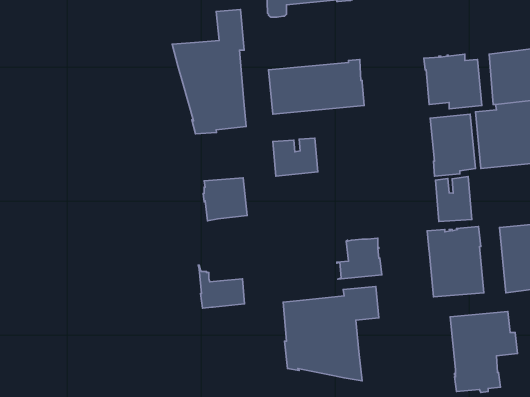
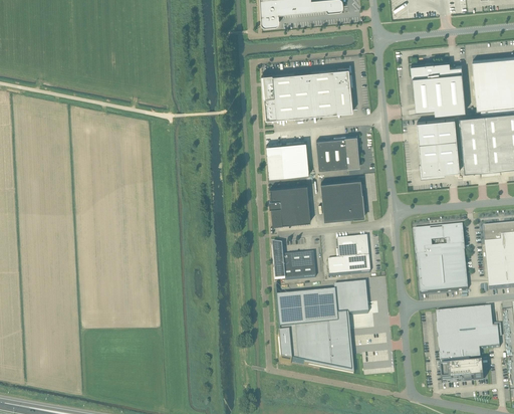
building: [172,9,246,134] -> none
building: none -> [316,137,359,171]
building: [436,177,472,222] -> none
building: none -> [321,180,364,222]
building: [203,178,247,221] -> [269,186,311,227]
building: [198,265,244,308] -> [271,241,315,282]

